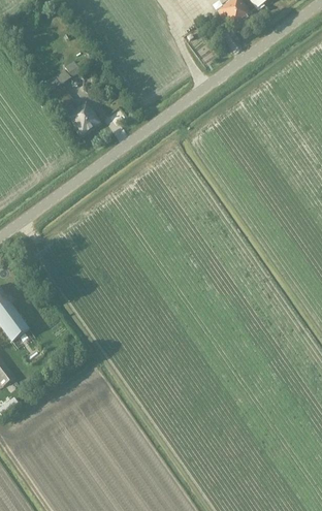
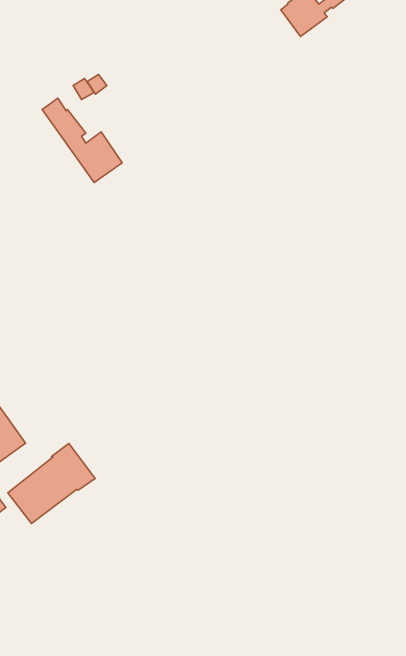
building: none -> [8,443,95,524]

